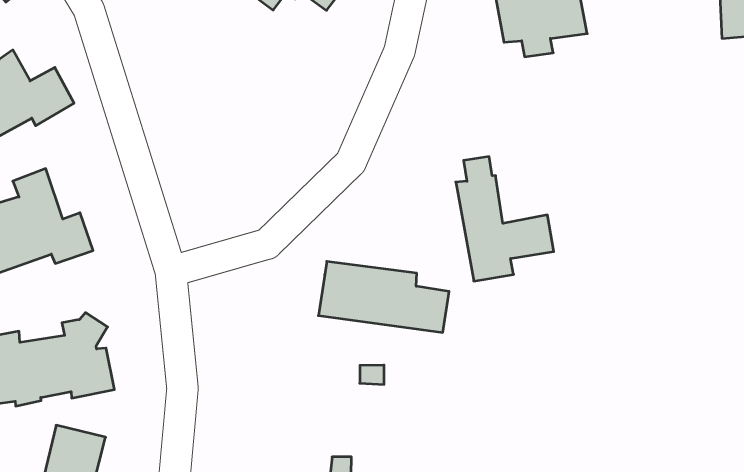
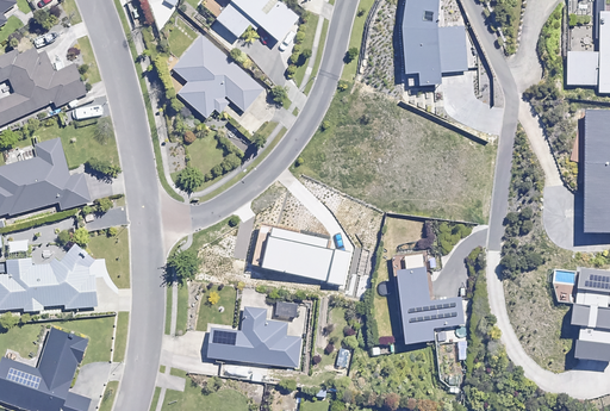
building: none -> [173,36,263,117]
building: [456,157,554,281] -> [396,250,463,341]
building: none -> [207,306,301,368]

